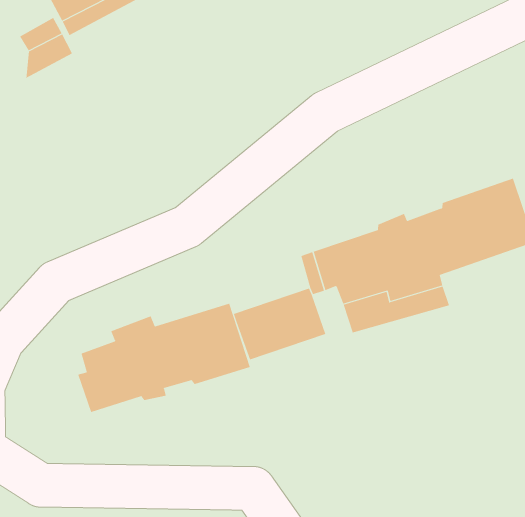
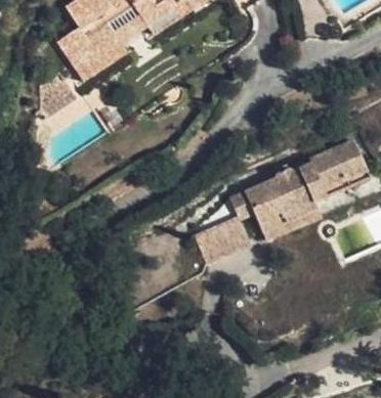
building: [77,303,250,413] -> none

